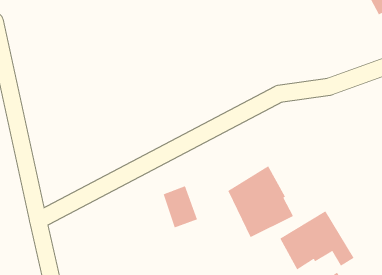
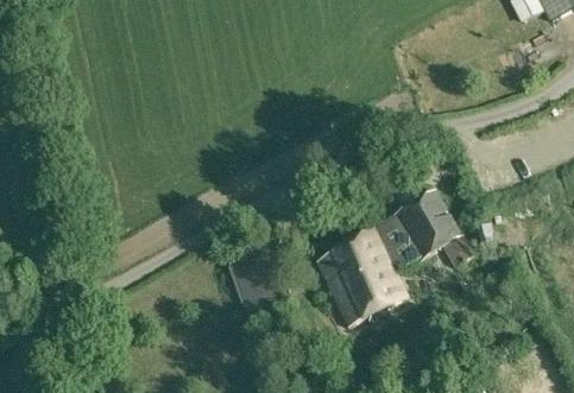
building: [279,211,355,270] -> [371,189,473,270]

